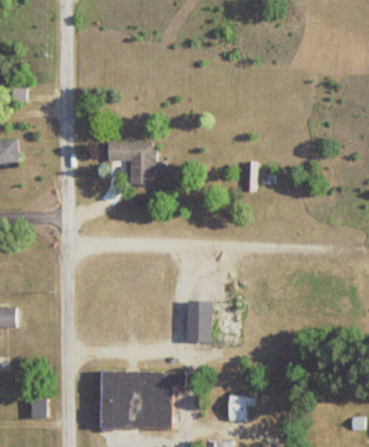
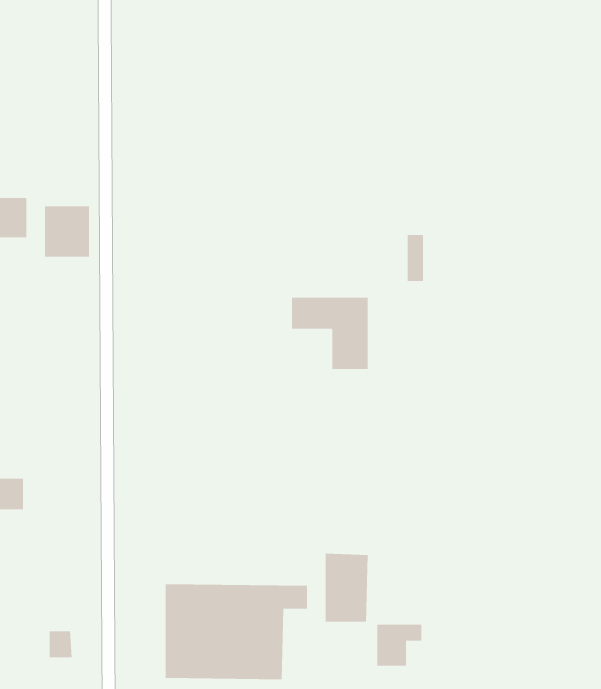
building: [108,143,154,186] -> [291,297,368,370]
building: none -> [45,206,90,257]
building: [187,299,213,340] -> [325,553,369,622]

